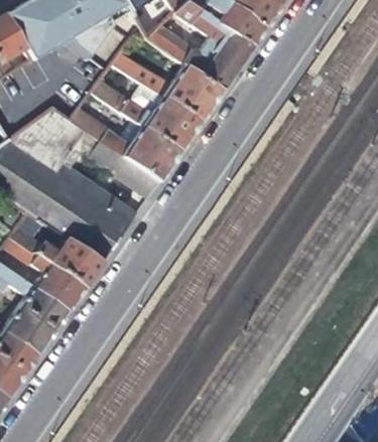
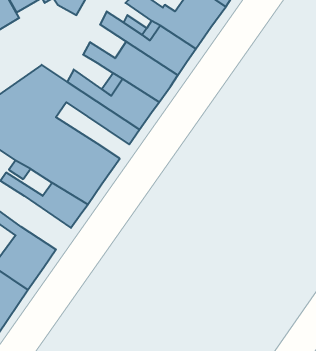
building: [30,252,88,309] -> none

